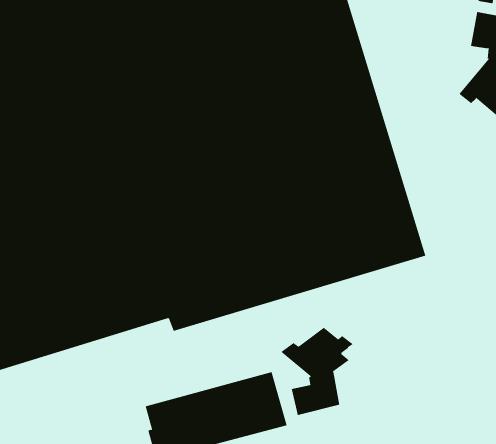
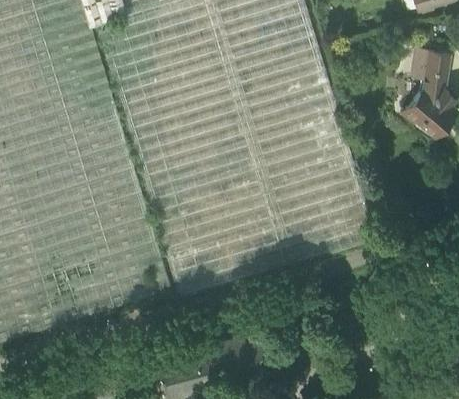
building: [280,327,354,416] -> none

